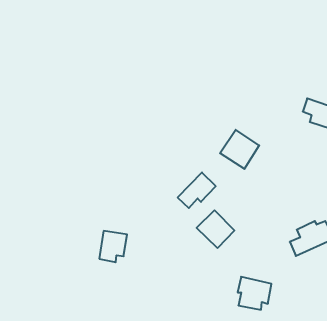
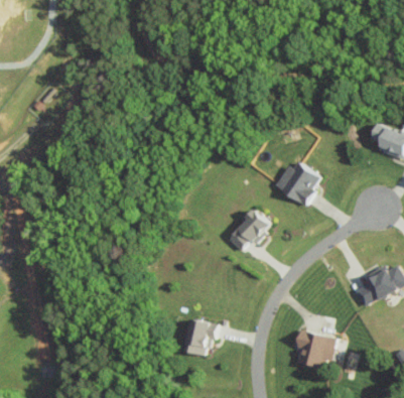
building: [197,210,234,248] -> none
building: [99,231,127,262] -> [183,319,216,356]

